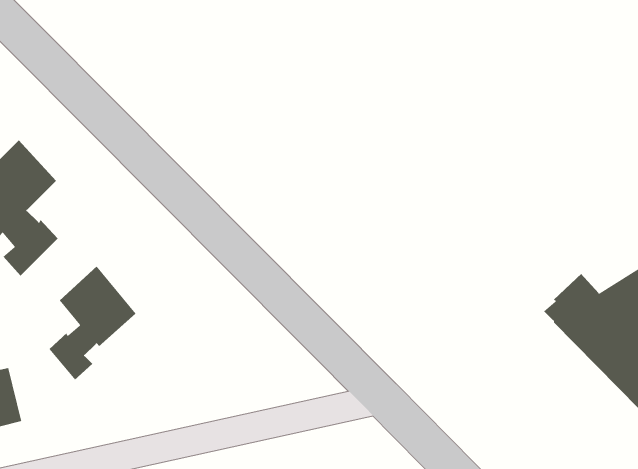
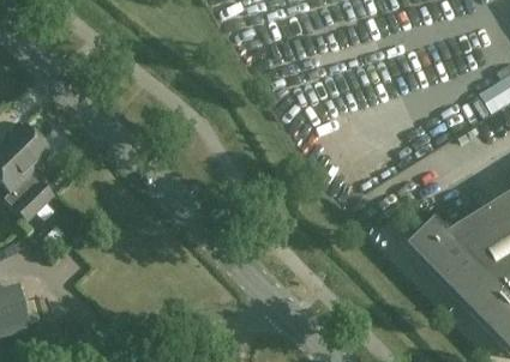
building: [49,265,137,381] -> none

